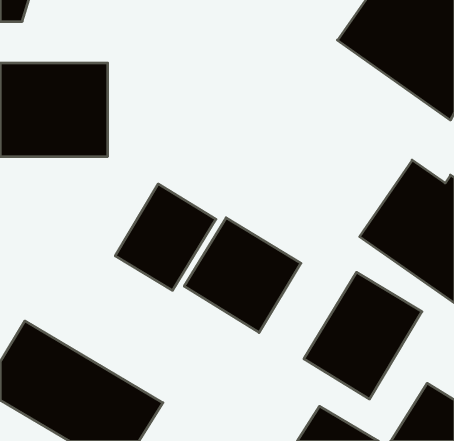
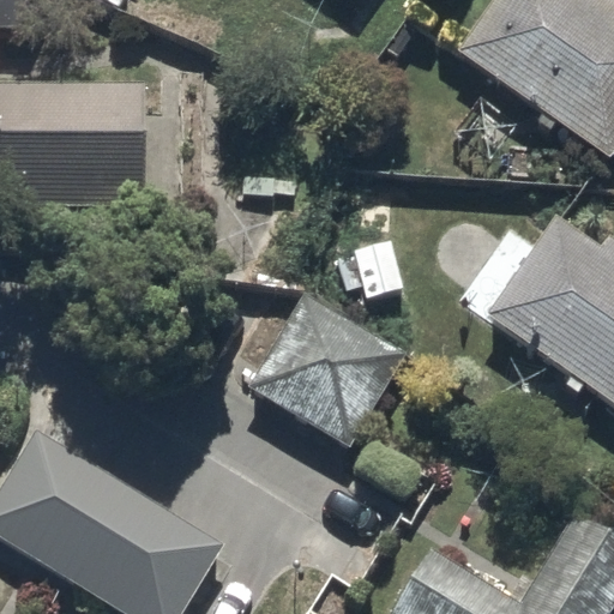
building: [115,184,216,290] -> none
building: [304,272,422,399] -> none

